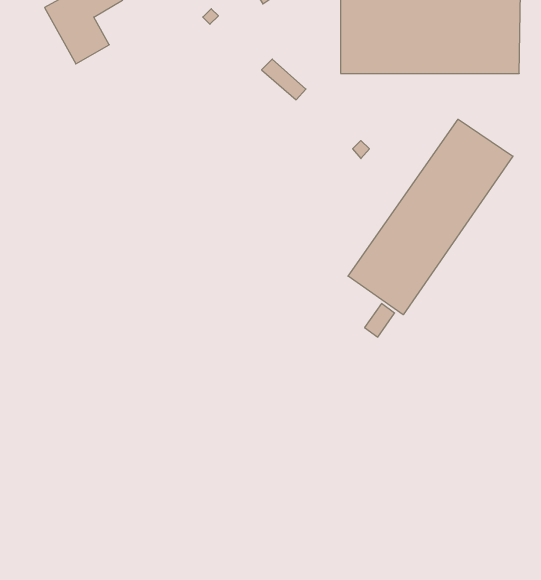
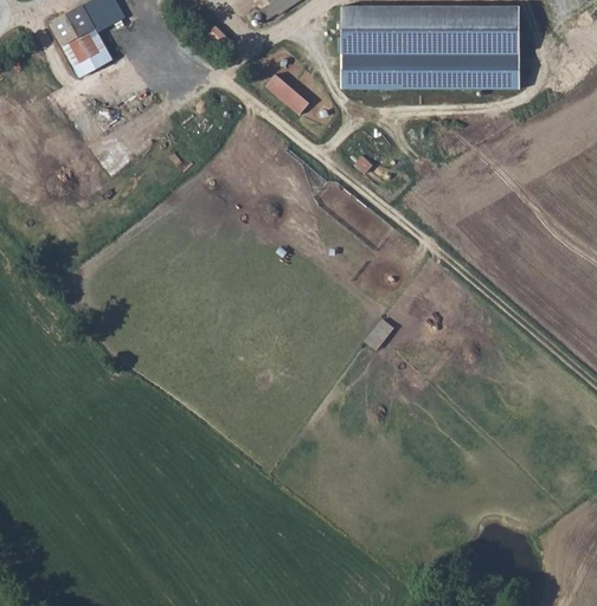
building: [348,119,513,315] -> none

